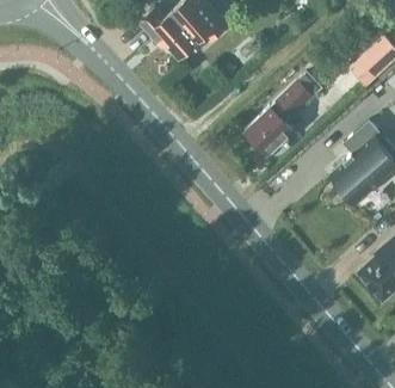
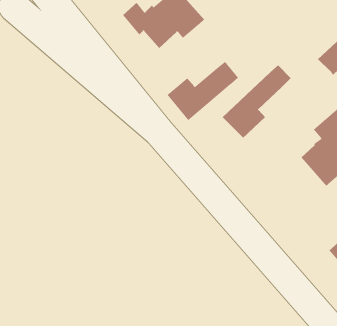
building: none -> [166,61,239,121]

